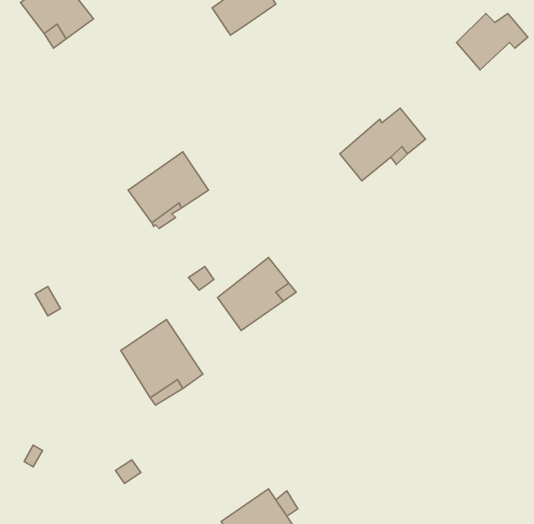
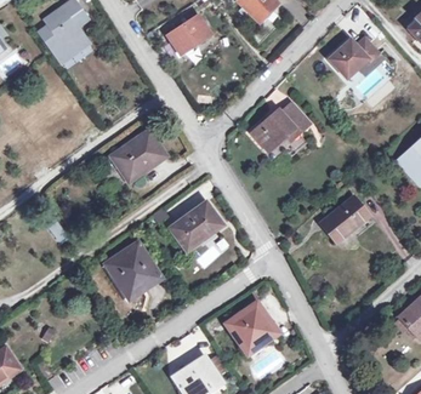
building: none -> [323,195,369,241]
building: none -> [227,303,277,354]

